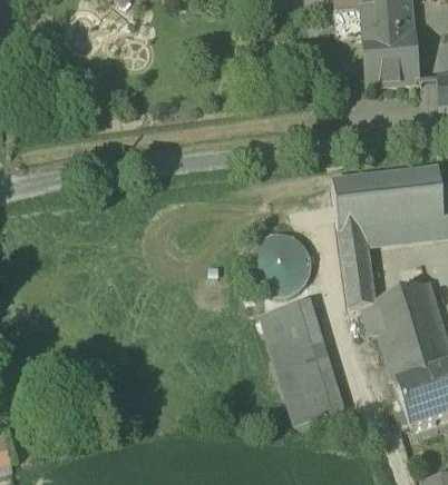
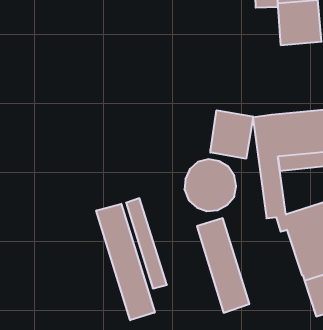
building: none -> [210,110,253,159]
building: none -> [96,204,155,320]
building: [294,297,345,409] -> [126,198,167,288]

